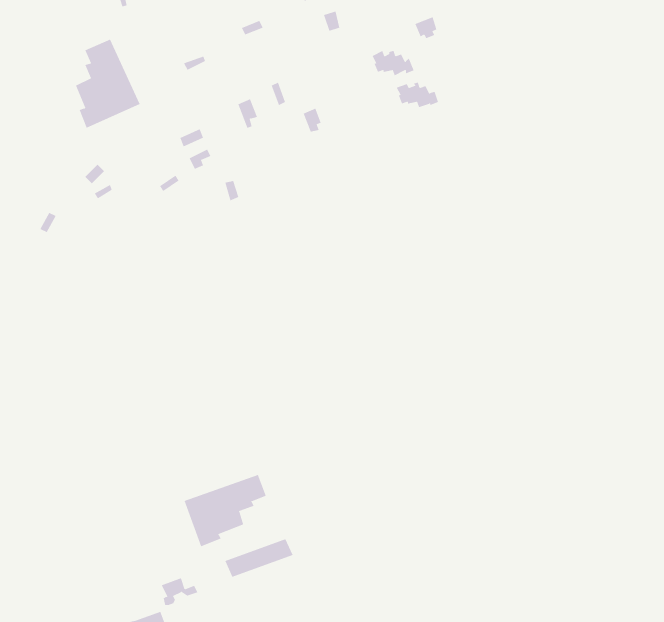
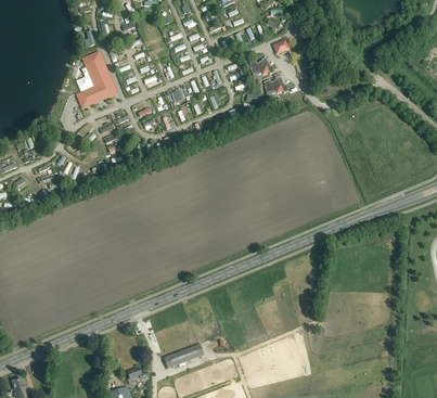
building: [184,474,267,547] -> none

